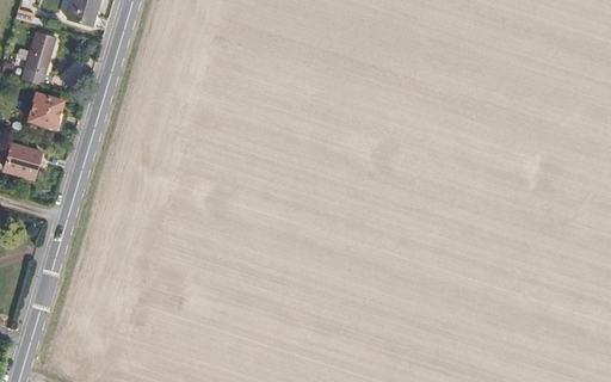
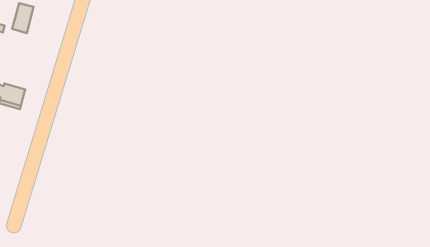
building: [29,96,63,135] -> none

